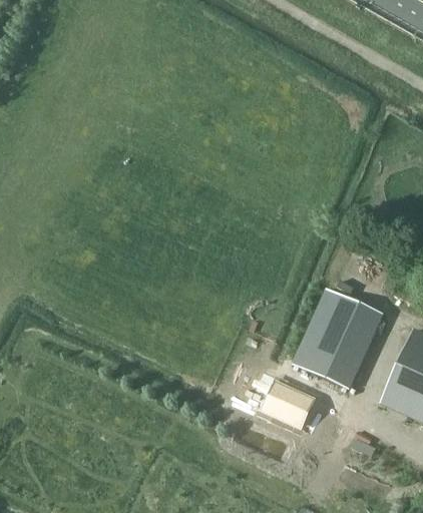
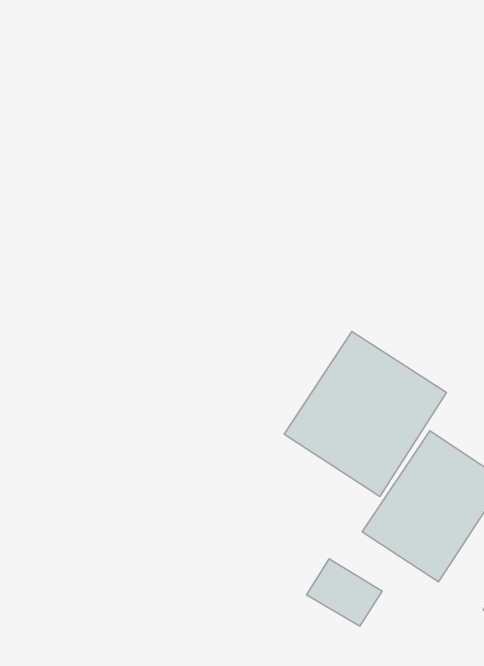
building: none -> [284,332,446,497]

